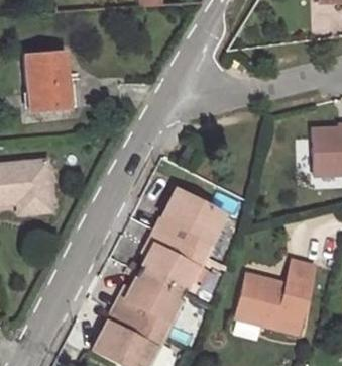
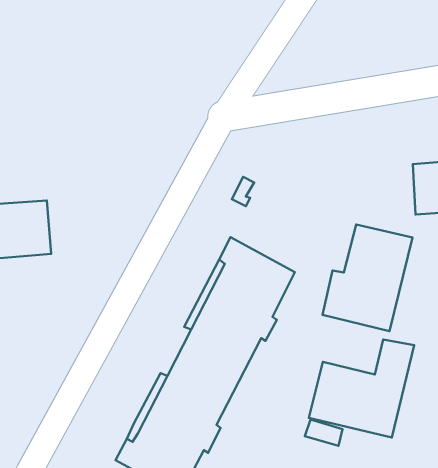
building: [25,52,69,109] -> none
building: none -> [322,225,412,331]

